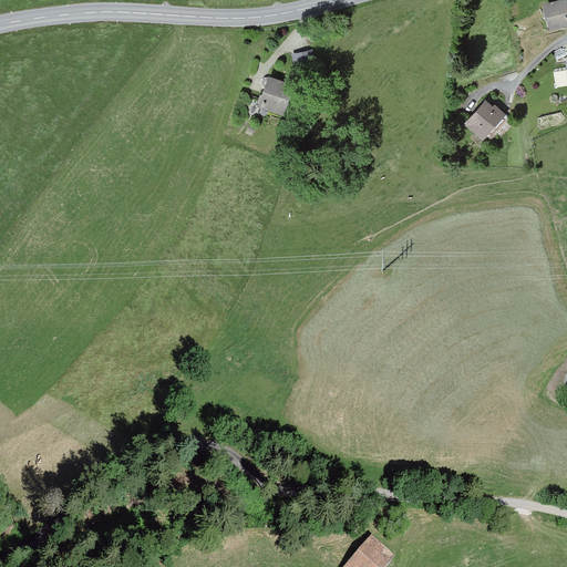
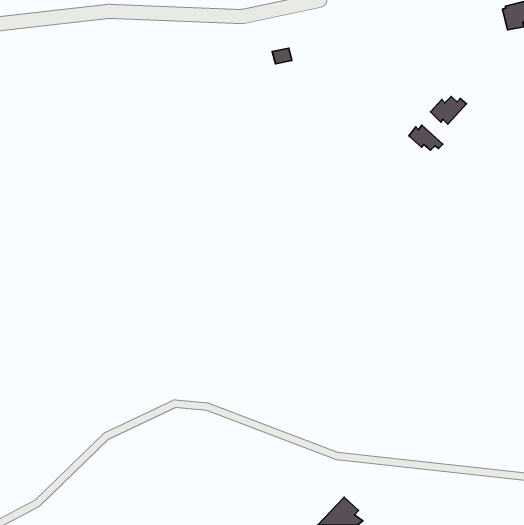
building: [260,80,290,112] -> none
building: none -> [409,125,443,150]

